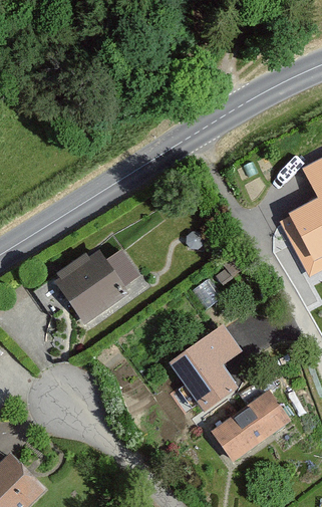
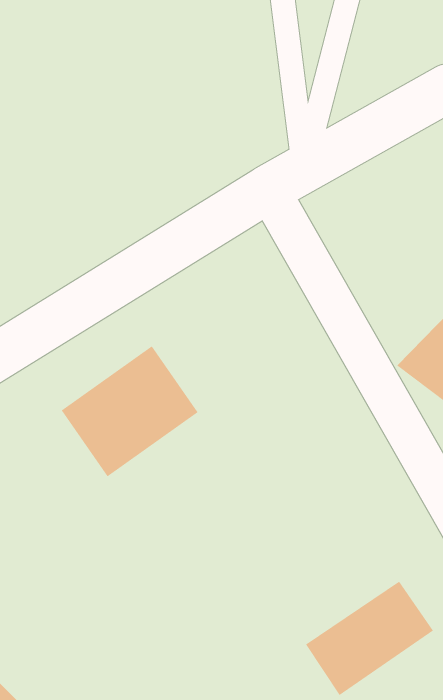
building: [171,333,251,409] -> none

